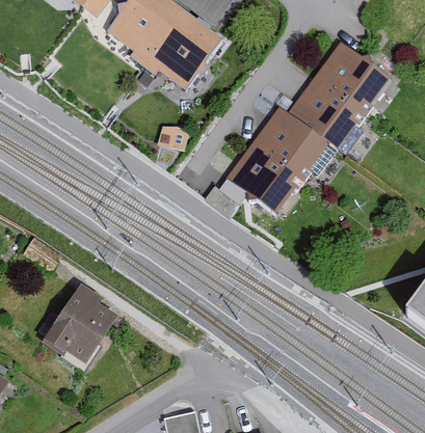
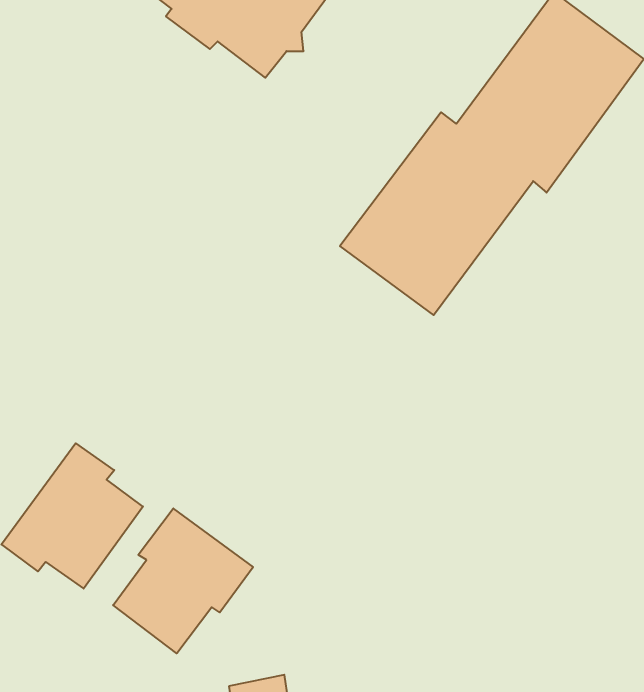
building: none -> [113,508,253,653]

